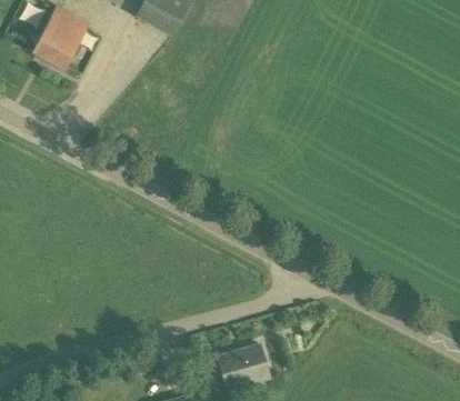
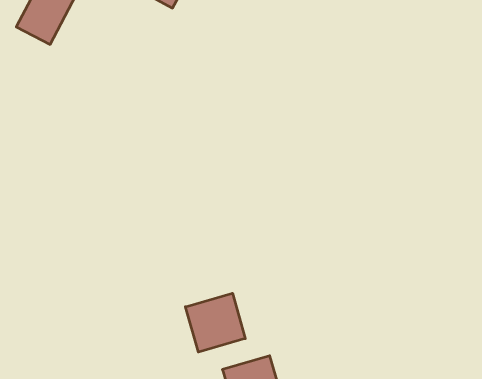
building: none -> [185,293,245,352]

